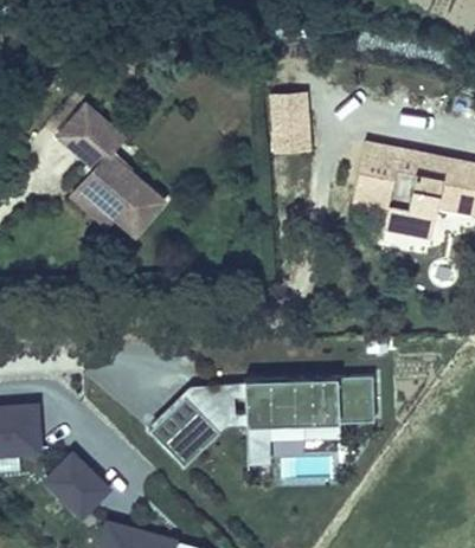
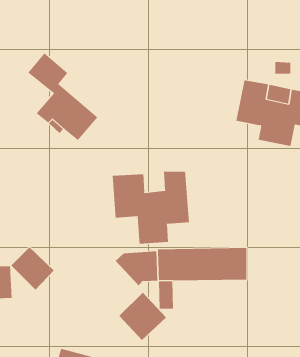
building: [270,91,314,150] -> none
building: none -> [112,171,190,245]
building: [149,399,218,469] -> [119,292,167,341]
building: [45,454,108,517] -> [10,246,55,291]

